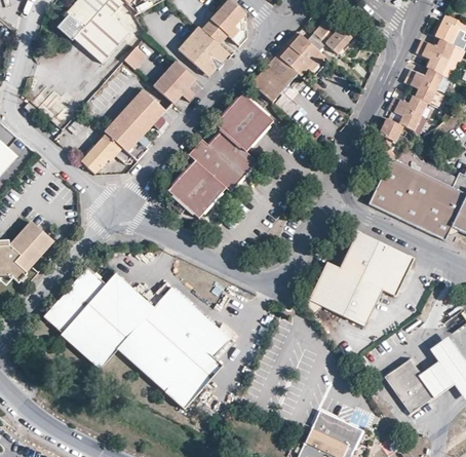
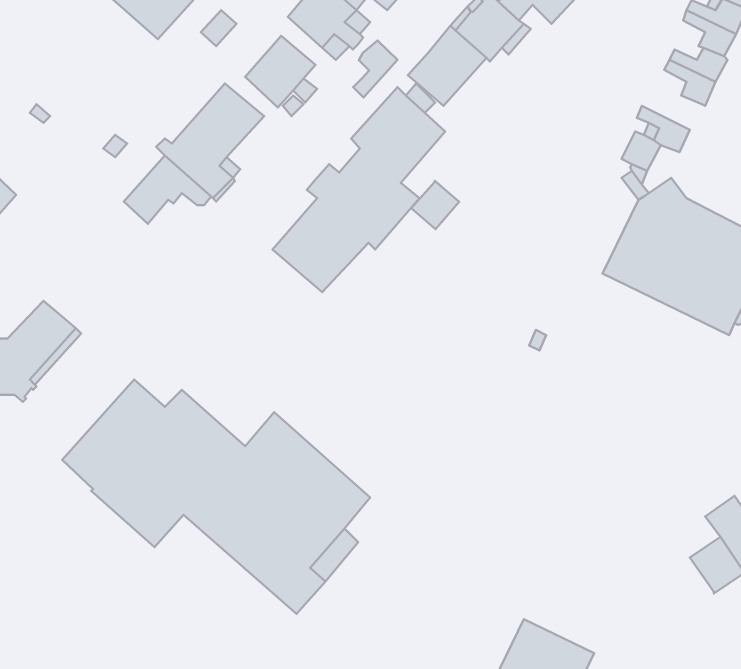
building: none -> [353,41,398,98]
building: [392,94,428,117] -> none
building: none -> [411,181,459,229]
building: [305,229,413,326] -> none
building: [385,358,435,412] -> none

